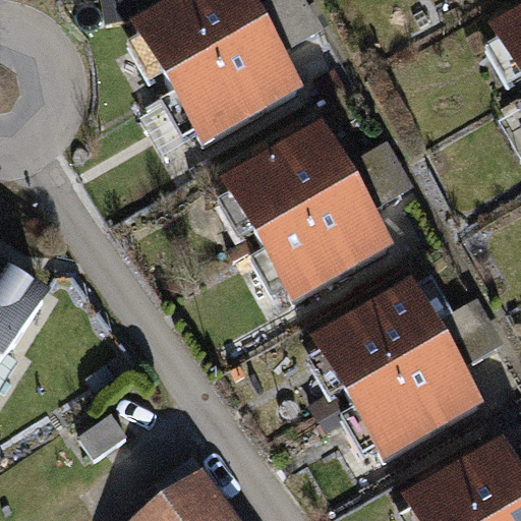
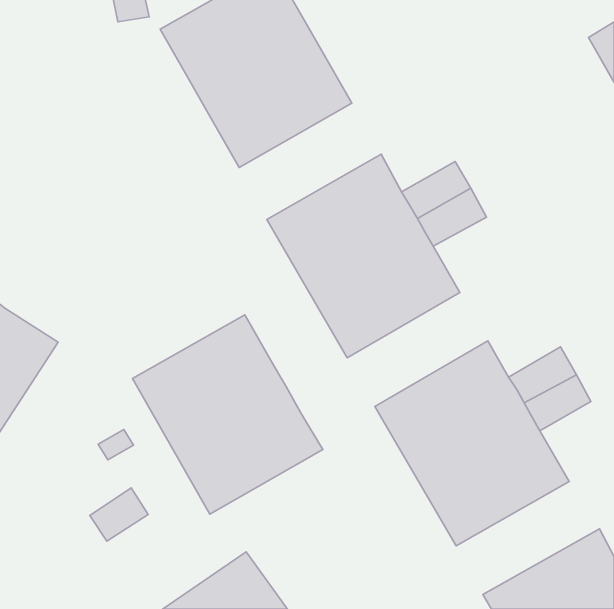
building: none -> [133,315,323,514]

